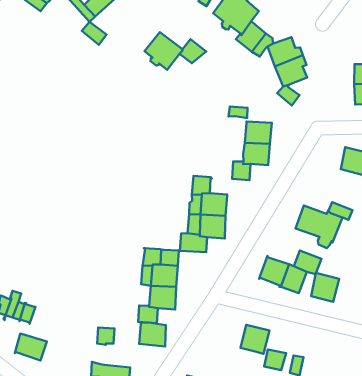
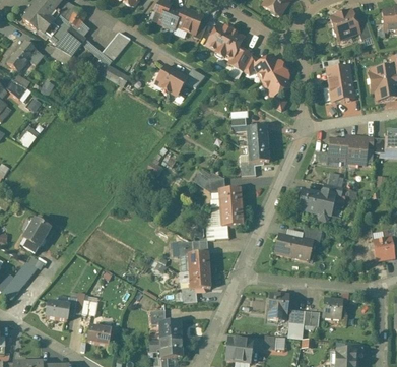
building: [311,273,339,302] -> [323,297,343,318]
building: [139,323,166,346] -> [159,321,182,340]

